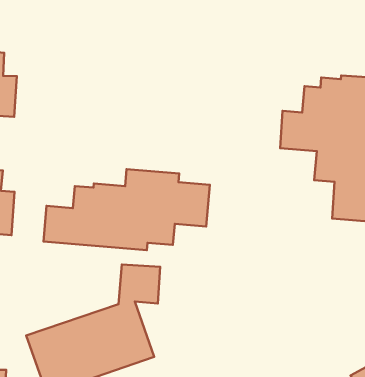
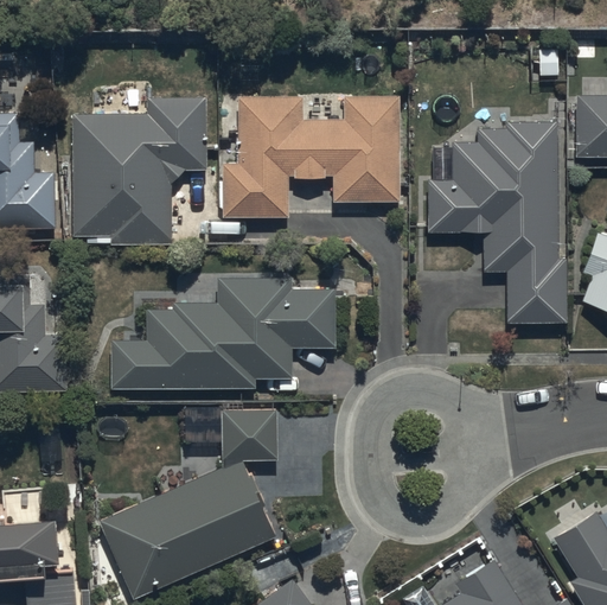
building: none -> [71,98,205,243]
building: none -> [223,96,395,218]

